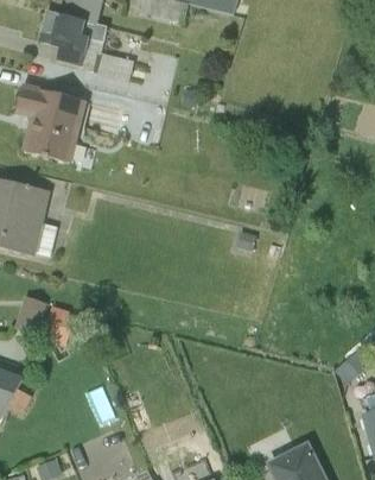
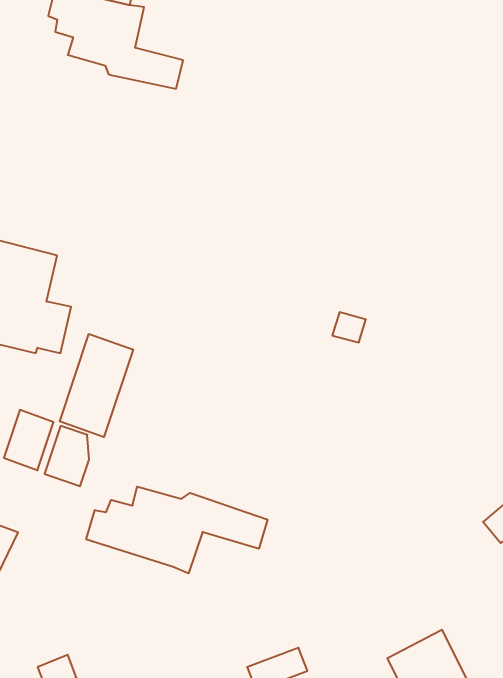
building: [15,84,87,162] -> none
building: none -> [60,334,133,437]
building: none -> [86,487,267,573]

